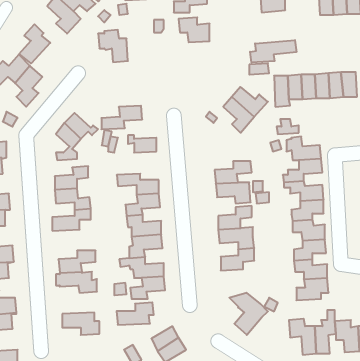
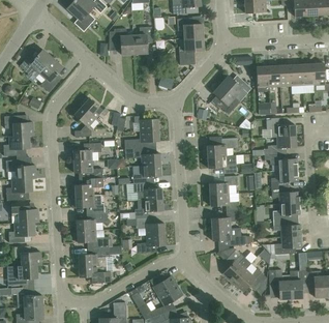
building: [19,24,50,63] -> none
building: none -> [133,27,153,54]
building: [250,40,296,63] -> none
building: none -> [179,37,204,65]
building: [101,106,142,129] -> [125,129,159,149]
building: none -> [71,195,104,212]
building: none -> [212,228,247,245]
building: [117,302,154,325] -> [79,246,110,265]
building: none -> [234,263,268,292]

